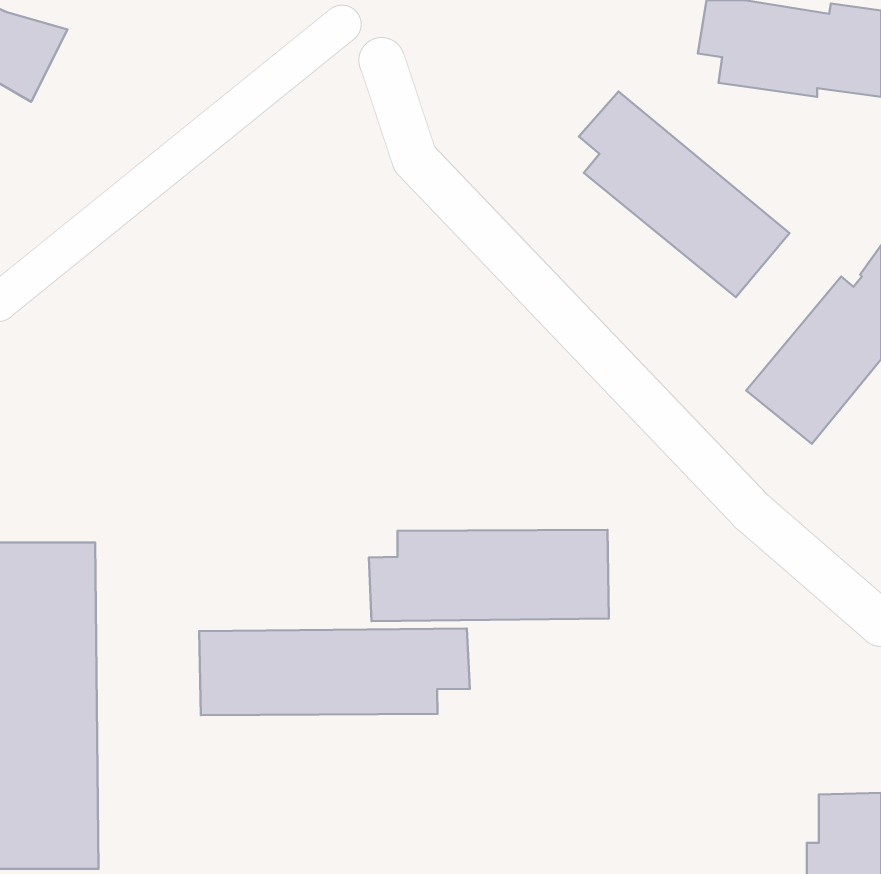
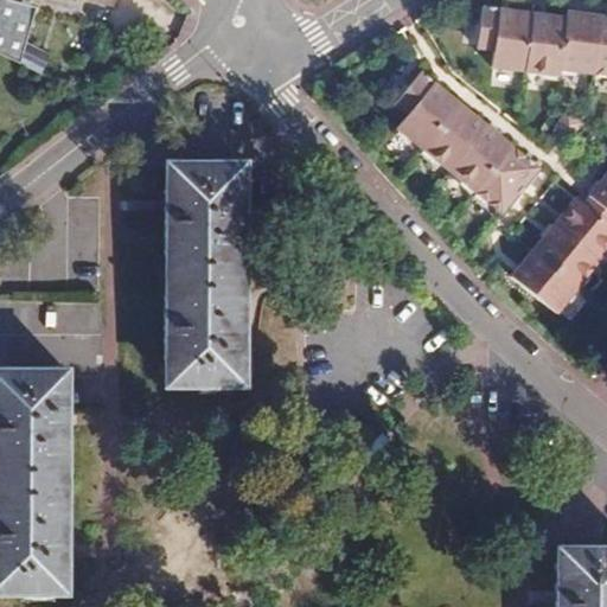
building: none -> [167,173,248,392]
building: [369,530,609,621] -> none
building: [199,628,470,715] -> none

